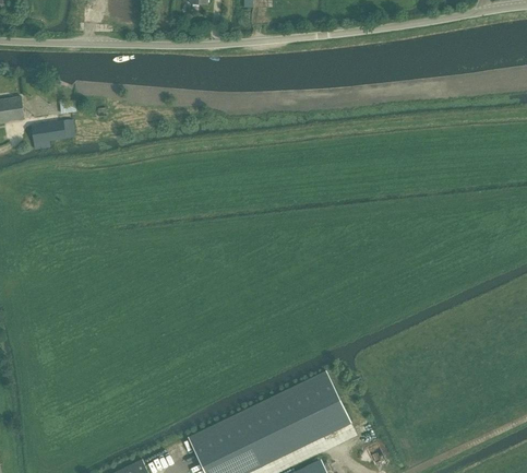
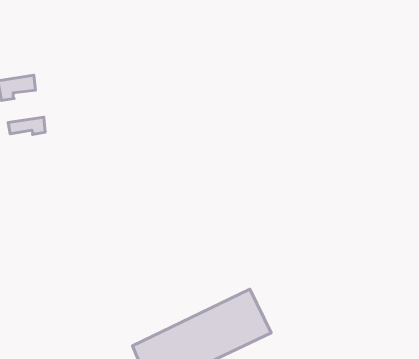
building: none -> [8,117,45,134]

